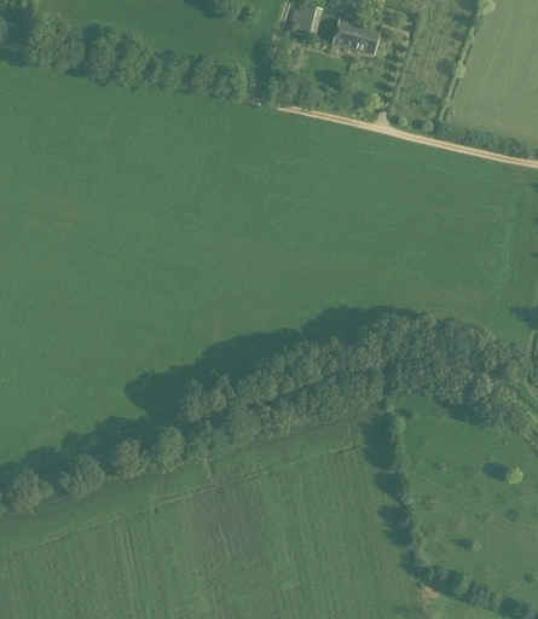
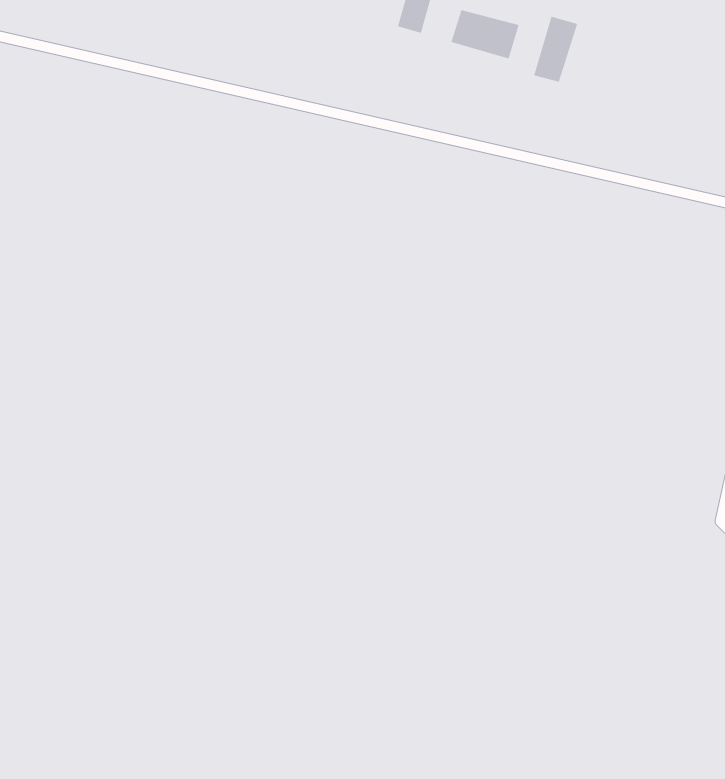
building: none -> [534,16,578,83]

